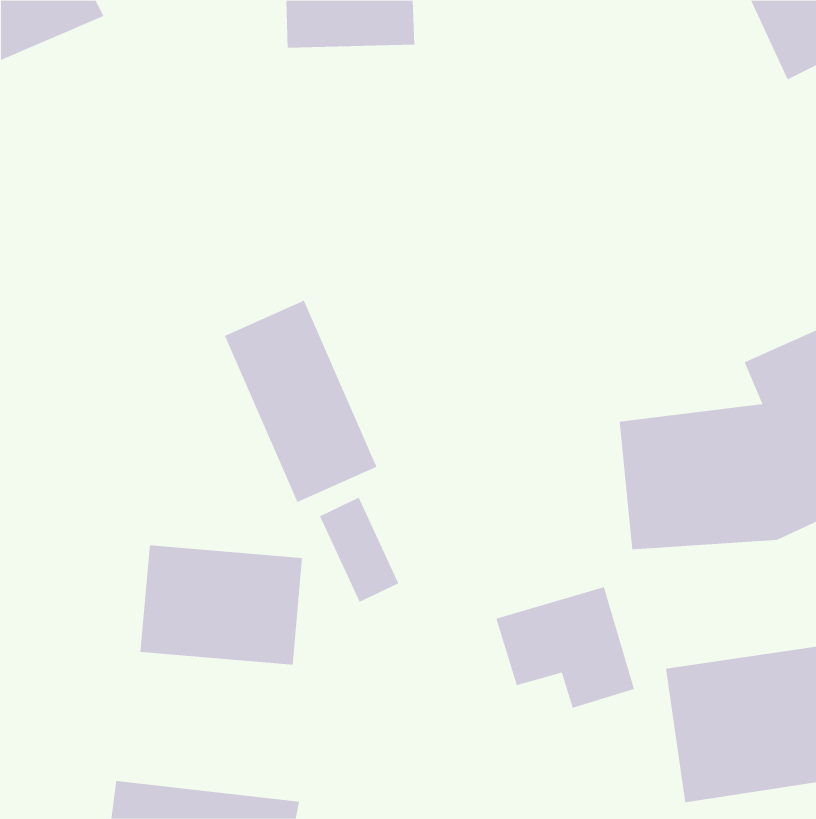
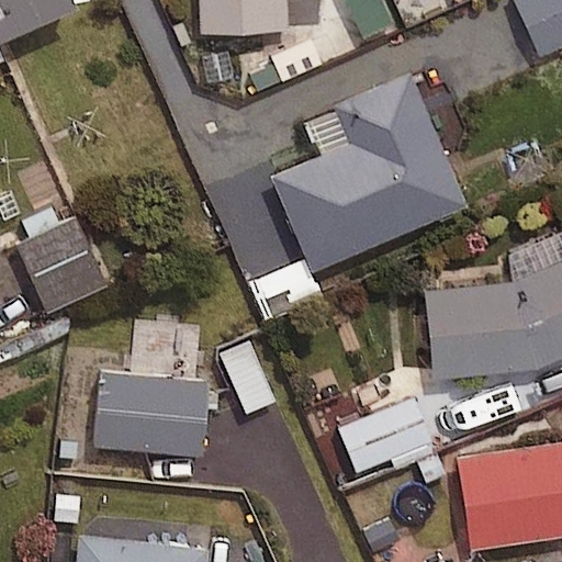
building: none -> [273,79,463,271]
building: [224,300,377,503] -> none
building: none -> [18,220,105,310]

